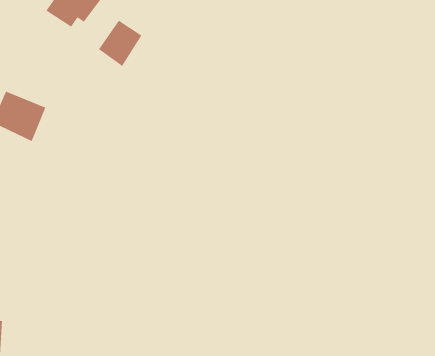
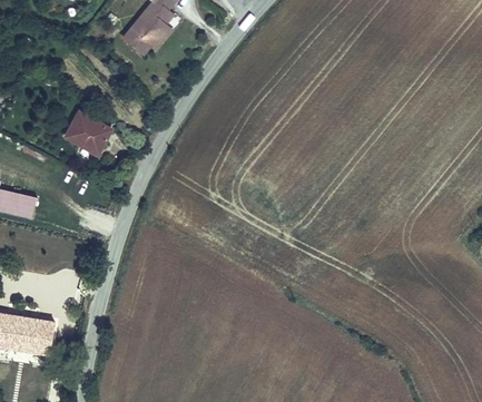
building: [98,20,142,67] -> none

